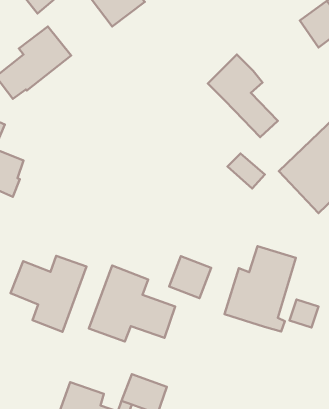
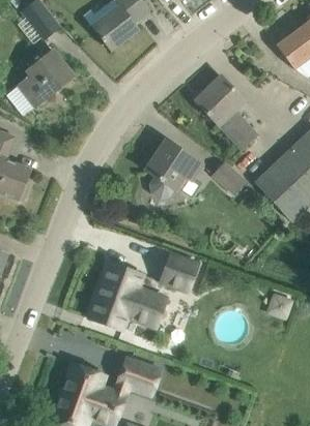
building: none -> [145,140,201,199]
building: [224,246,296,331] -> none
building: [10,256,87,332] -> none

